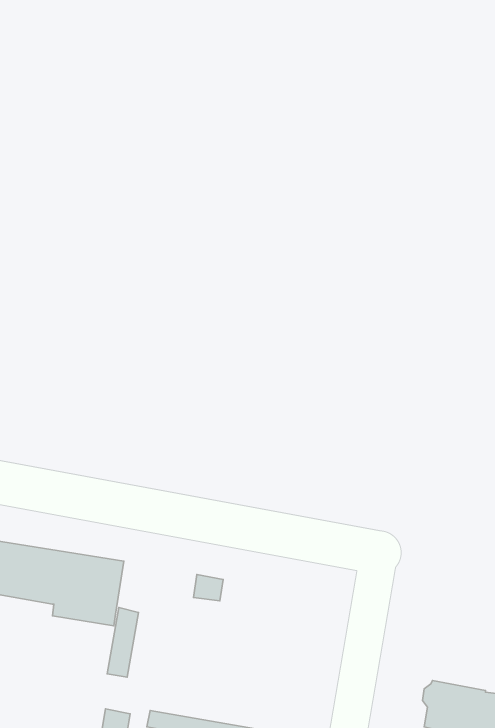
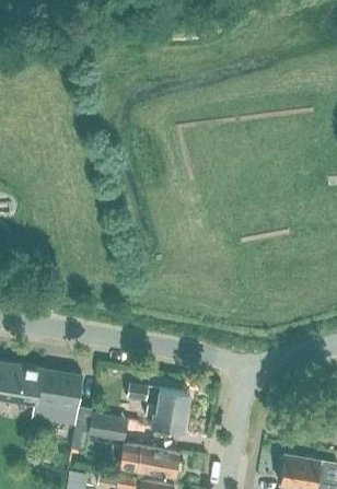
building: none -> [146,388,190,432]
building: none -> [89,414,128,440]
building: none -> [119,444,181,477]

